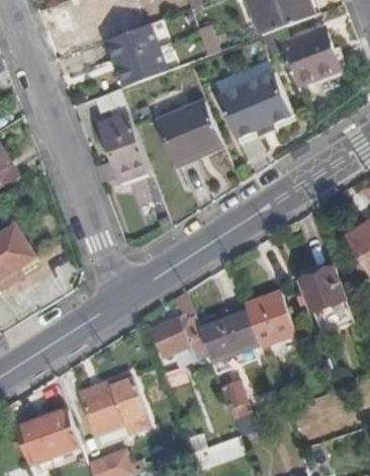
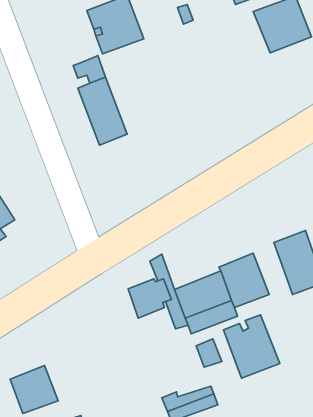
building: [217,70,288,134] -> none
building: [159,100,222,165] -> none
building: none -> [223,315,280,378]
building: [82,378,143,431] -> none

